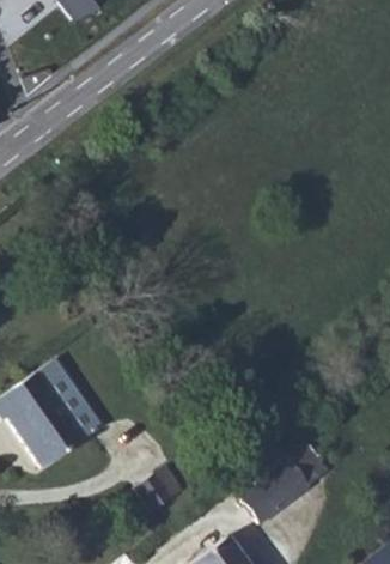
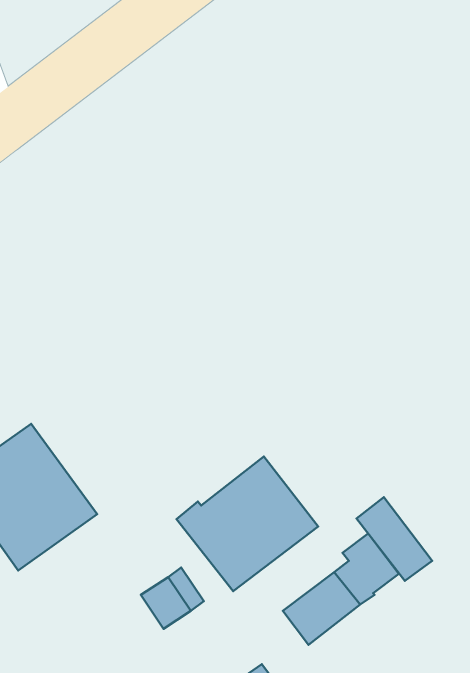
building: none -> [176,457,318,591]
building: none -> [357,497,432,581]

